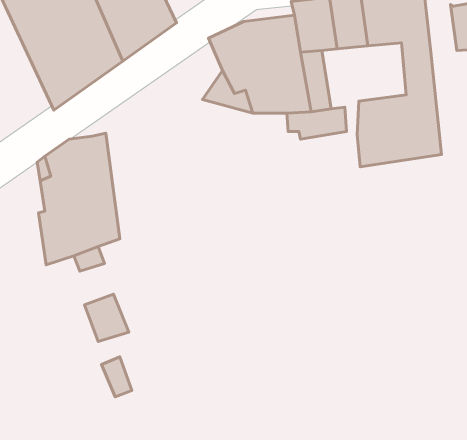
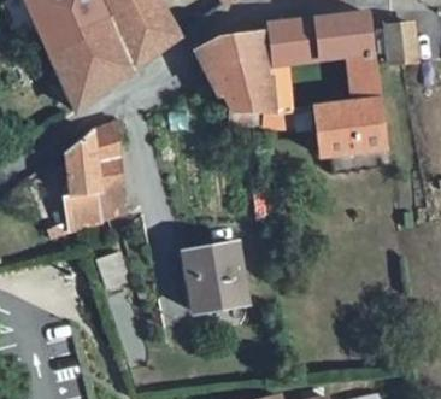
building: none -> [175,246,241,315]

